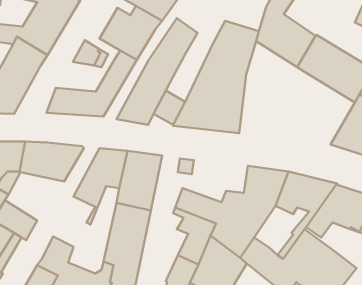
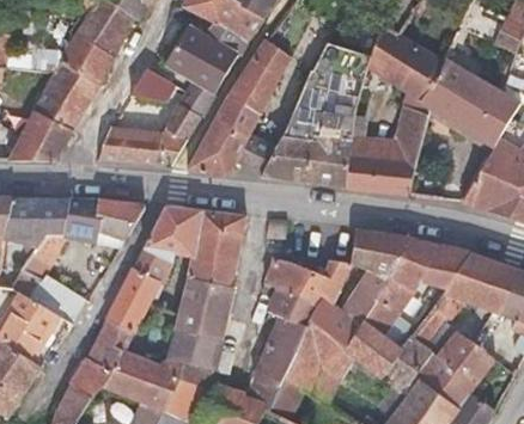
building: none -> [346,104,428,195]
building: none -> [106,268,160,332]
building: none -> [365,279,415,333]

